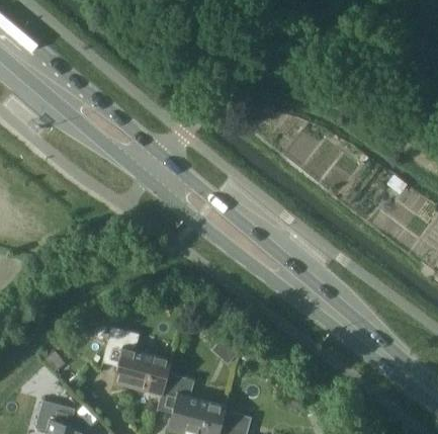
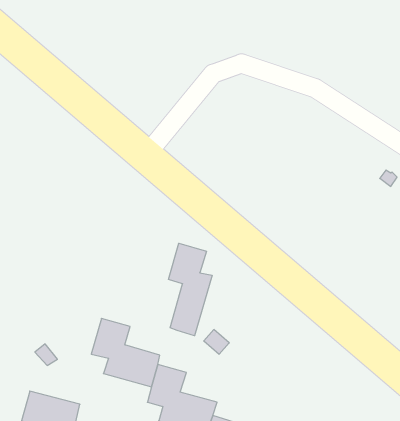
building: none -> [168,243,212,336]

